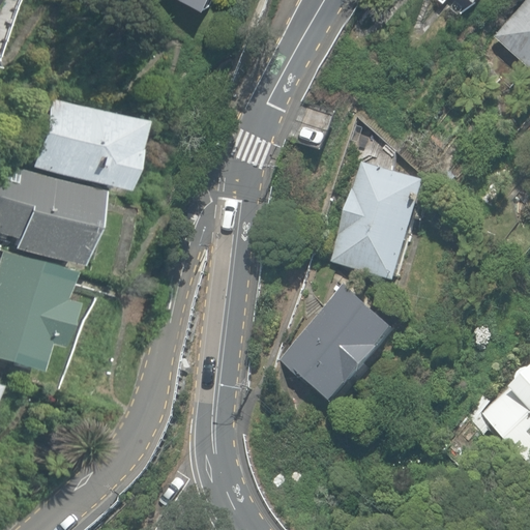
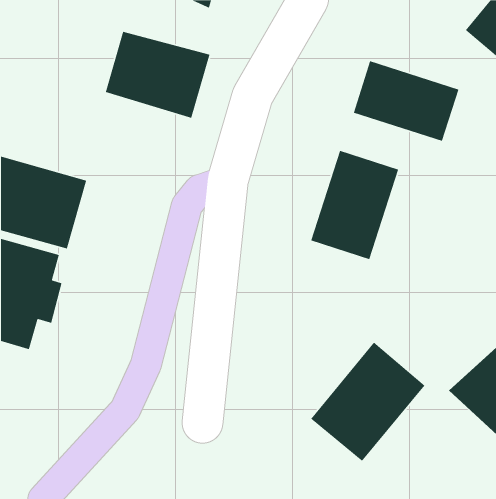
building: none -> [353,60,459,142]
building: [28,98,140,192] -> [105,31,210,119]
building: [278,277,401,405] -> [310,341,426,462]

